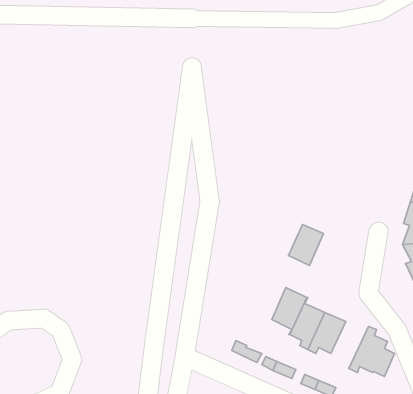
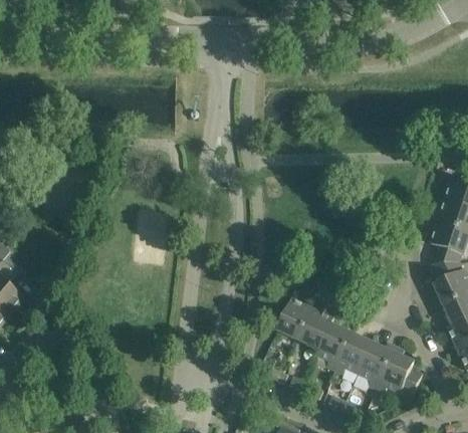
building: [289,225,324,266] -> [279,299,314,341]
building: none -> [360,343,398,390]

